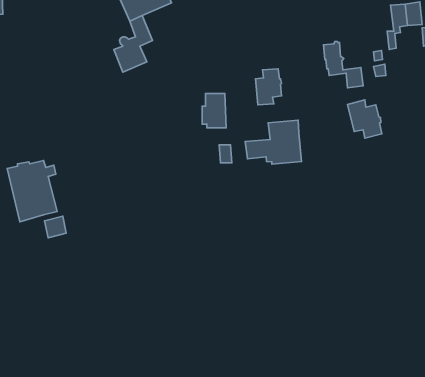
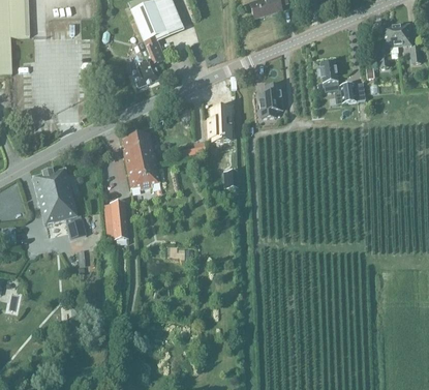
building: [347,100,382,138] -> none
building: [245,120,302,164] -> none
building: none -> [122,132,160,188]
building: none -> [110,201,128,239]

